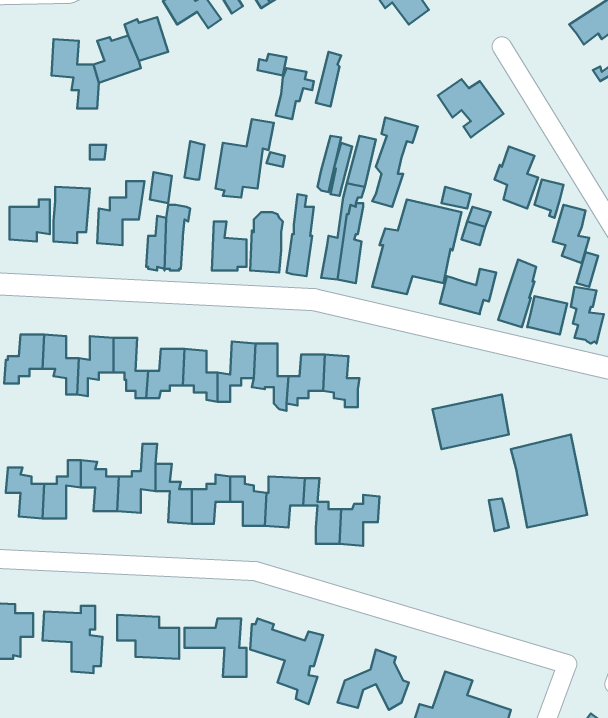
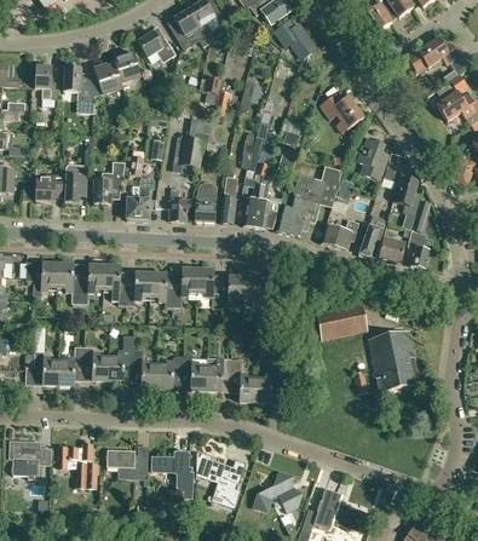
building: none -> [34,64,58,98]

